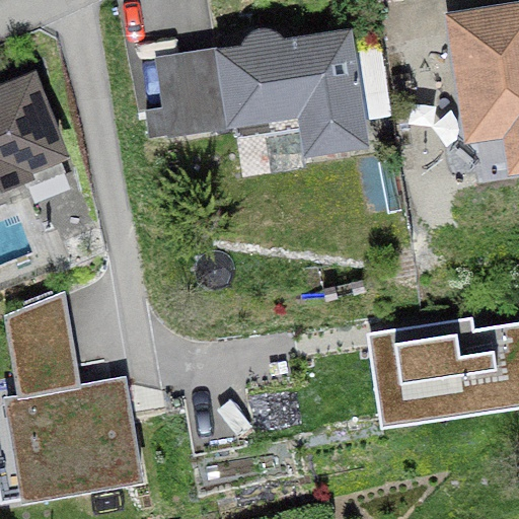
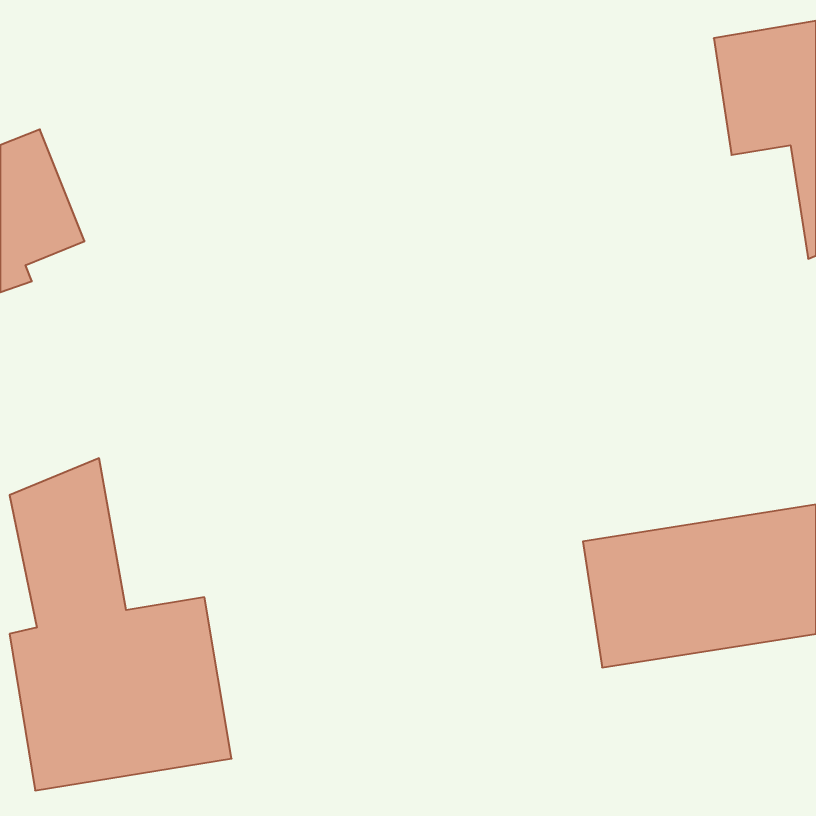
building: [142,36,359,151] -> none

